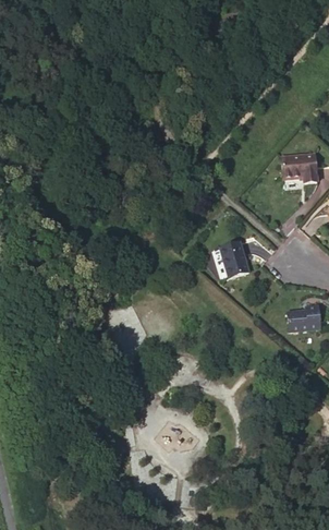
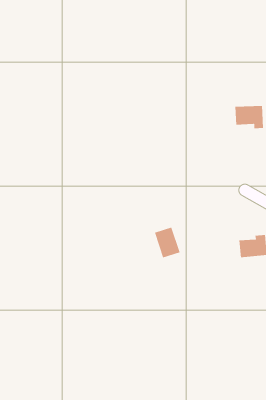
building: [219,241,249,277] -> [154,227,180,258]

